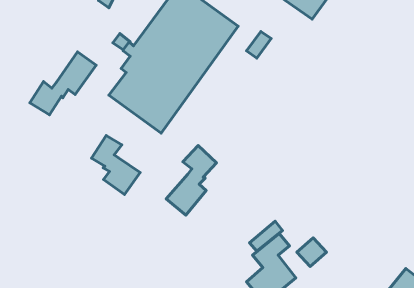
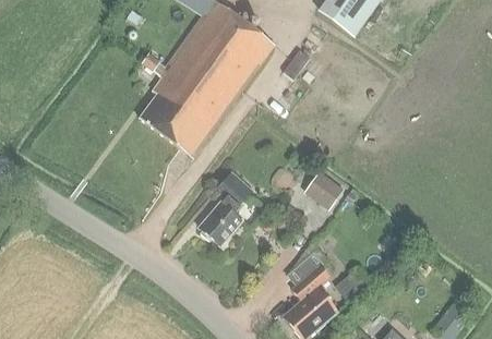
building: [30,52,96,115] -> none
building: [92,135,140,195] -> none
building: none -> [302,170,344,209]

